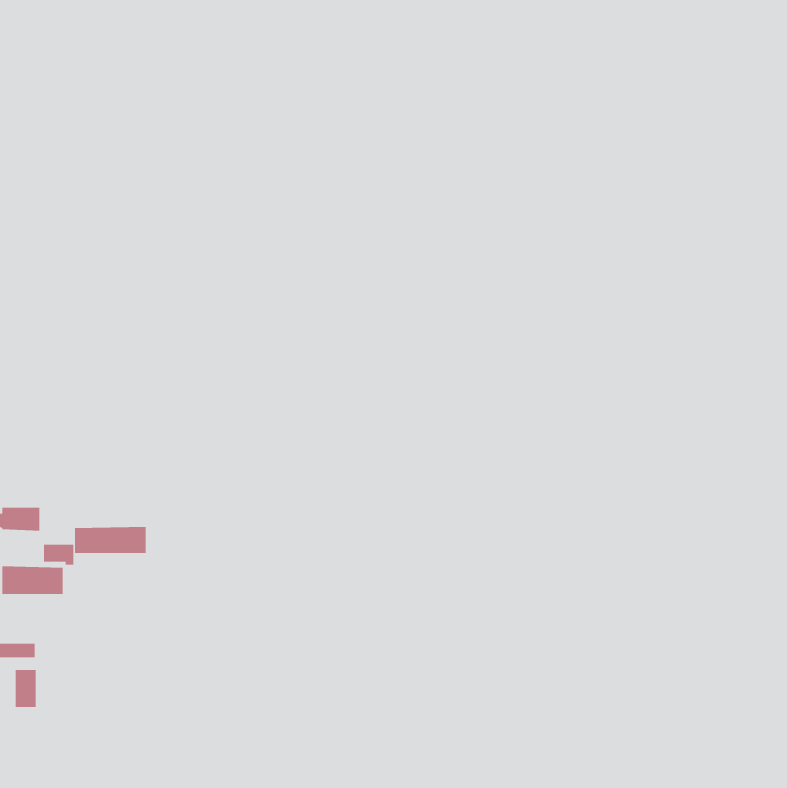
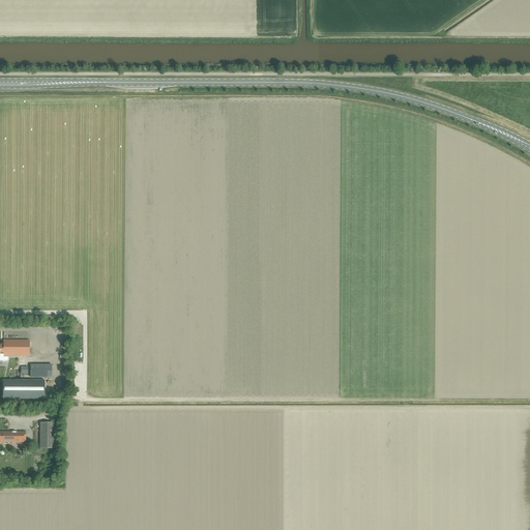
building: [74,526,146,554] -> none
building: [15,669,37,708] -> [38,422,53,448]

